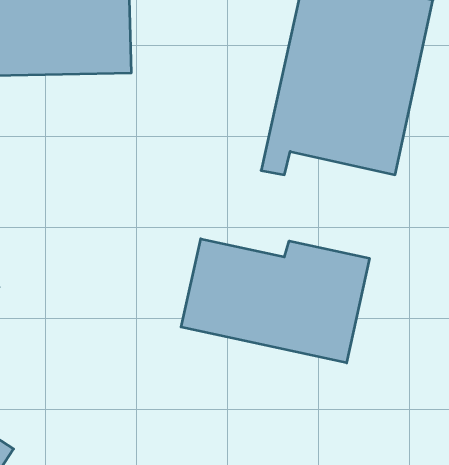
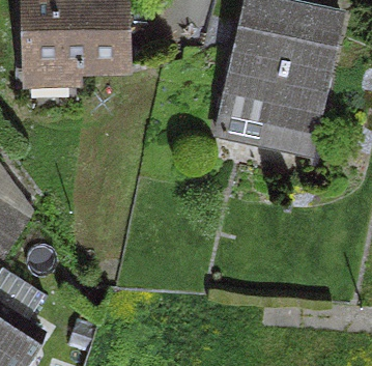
building: [181,239,369,363] -> none

